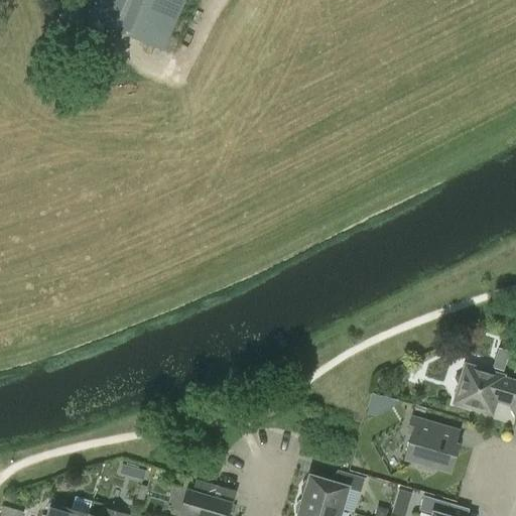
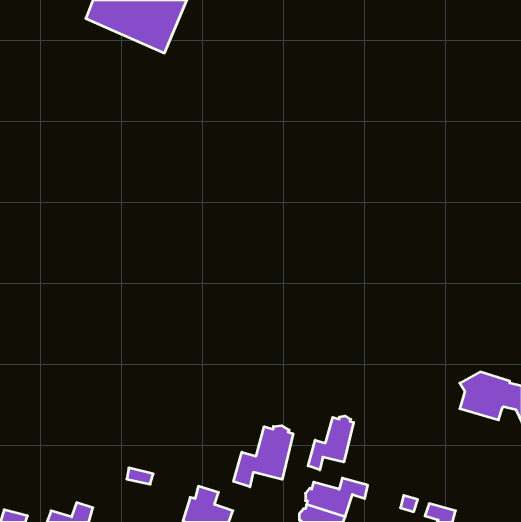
building: none -> [308,416,354,470]
building: [406,418,458,473] -> none
building: none -> [234,426,293,487]

